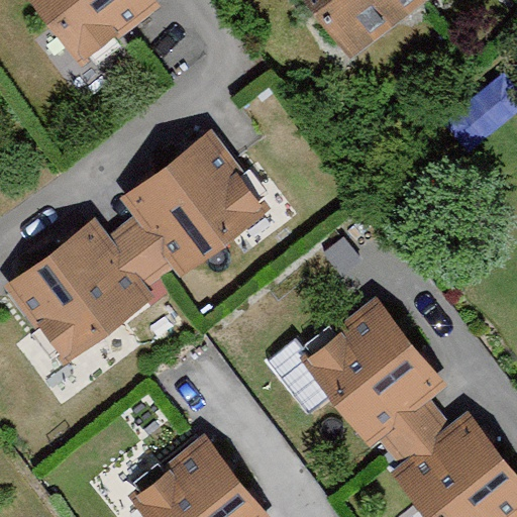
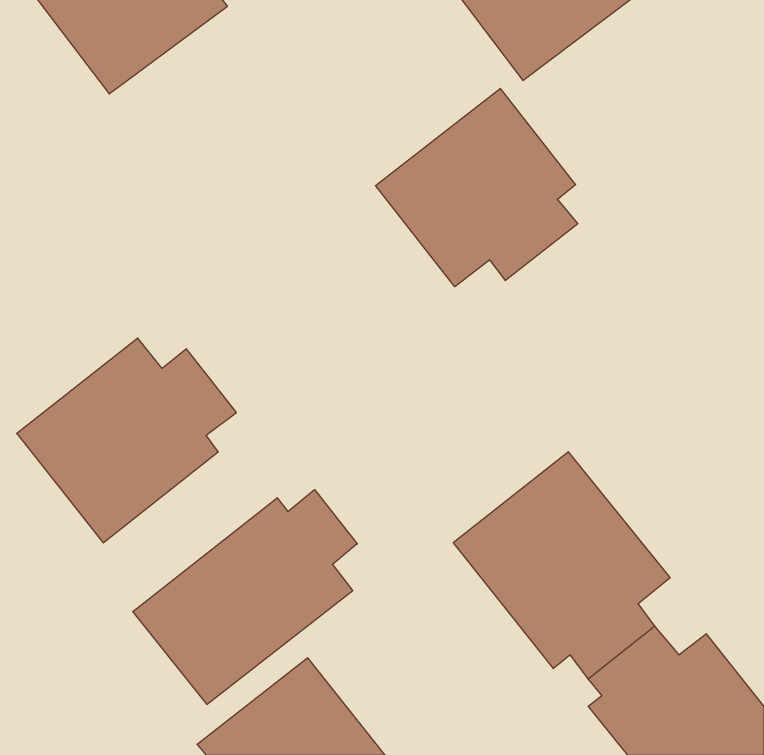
building: none -> [376,88,578,287]
building: [123,134,271,278] -> none
building: none -> [133,490,357,705]

